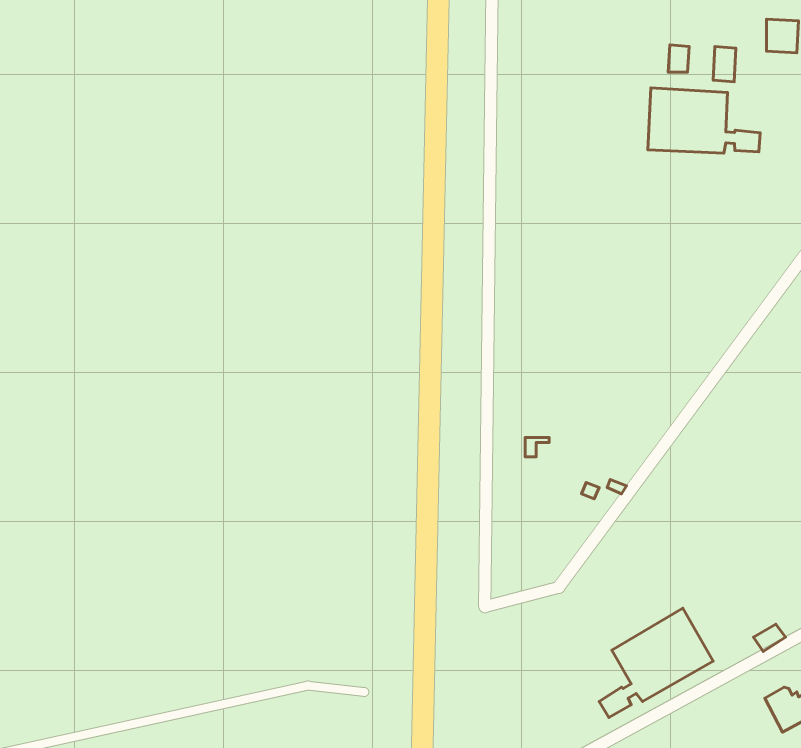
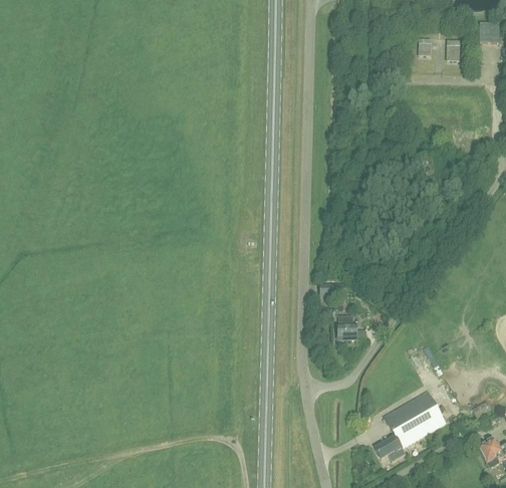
building: [648,88,760,153] -> none
building: none -> [337,314,365,338]

